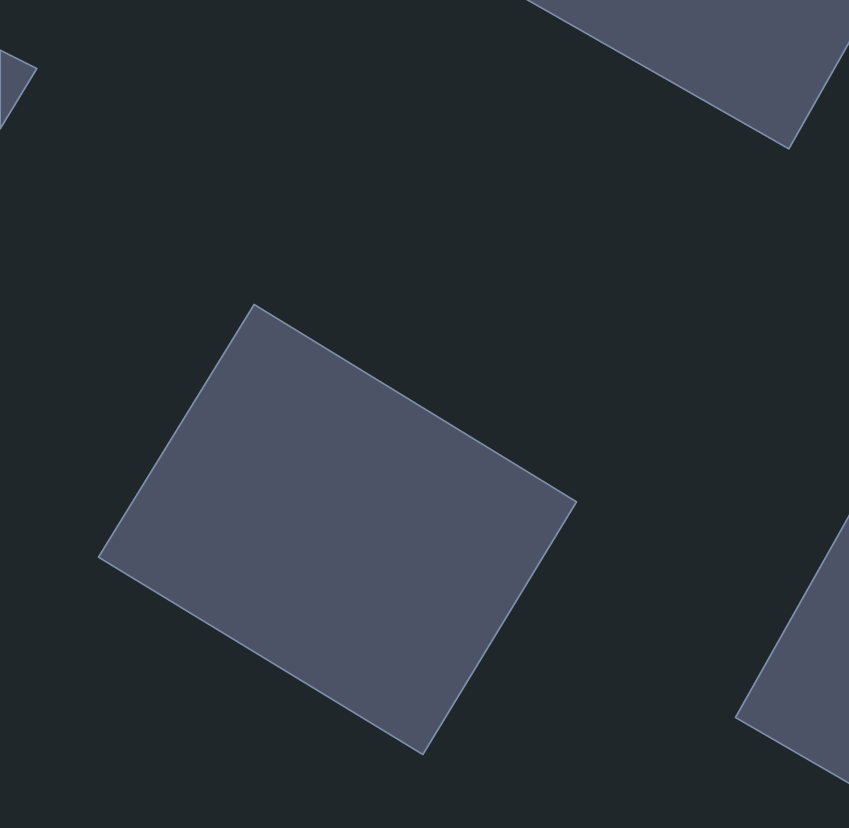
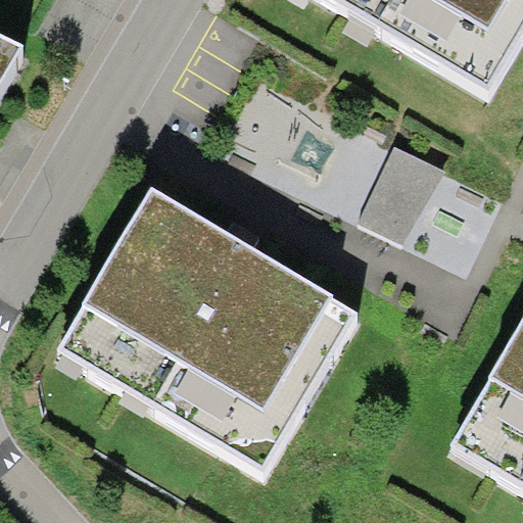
building: none -> [361,133,447,233]

